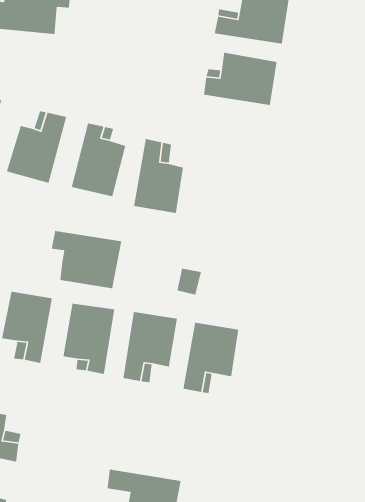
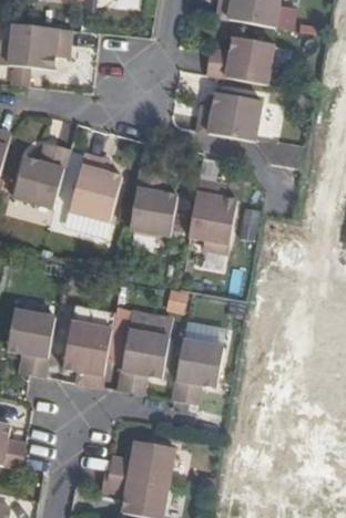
building: none -> [189,178,235,255]
building: [51,230,122,289] -> none
building: none -> [111,441,179,484]

